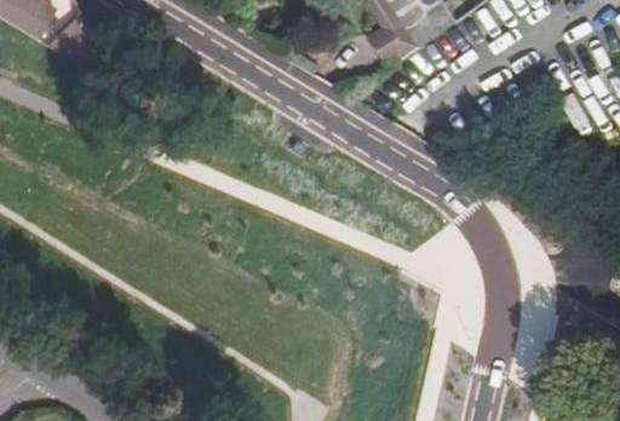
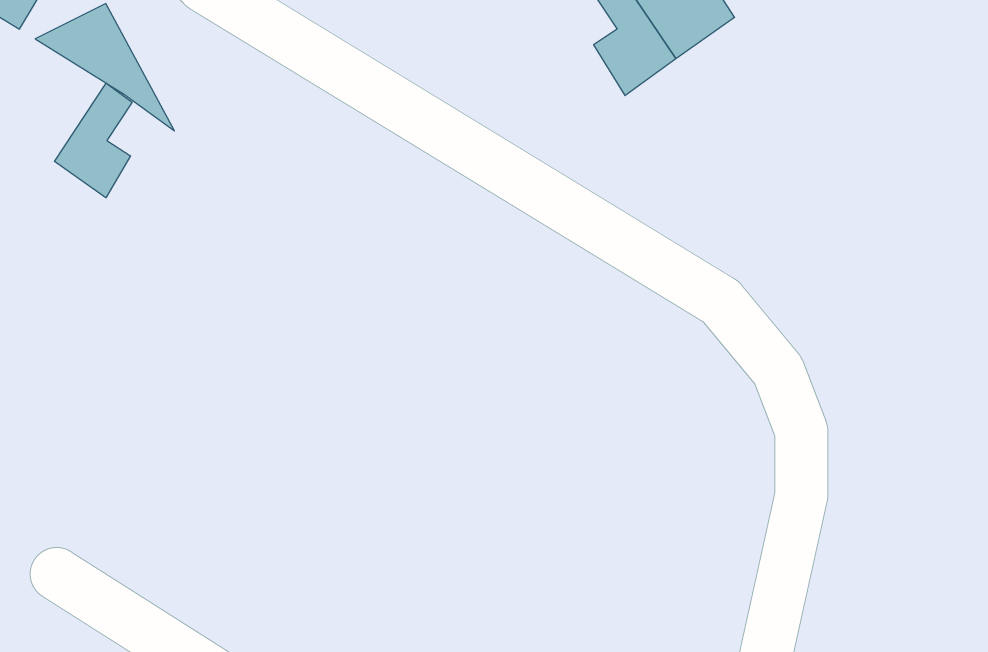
building: none -> [54,83,132,198]

